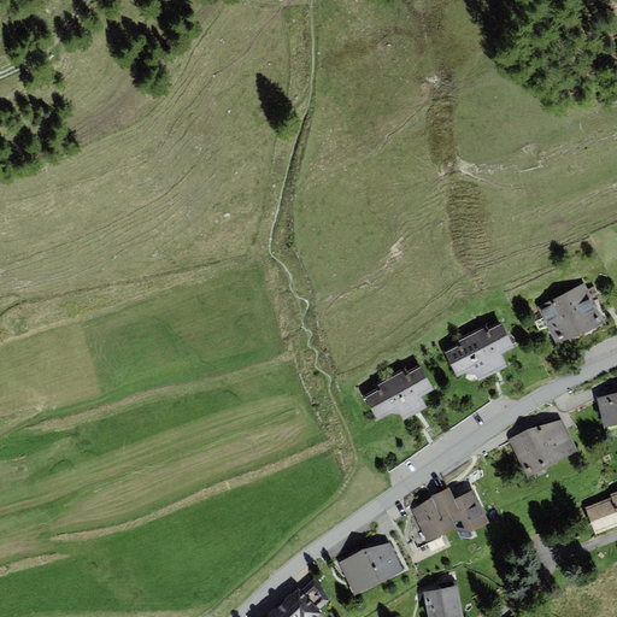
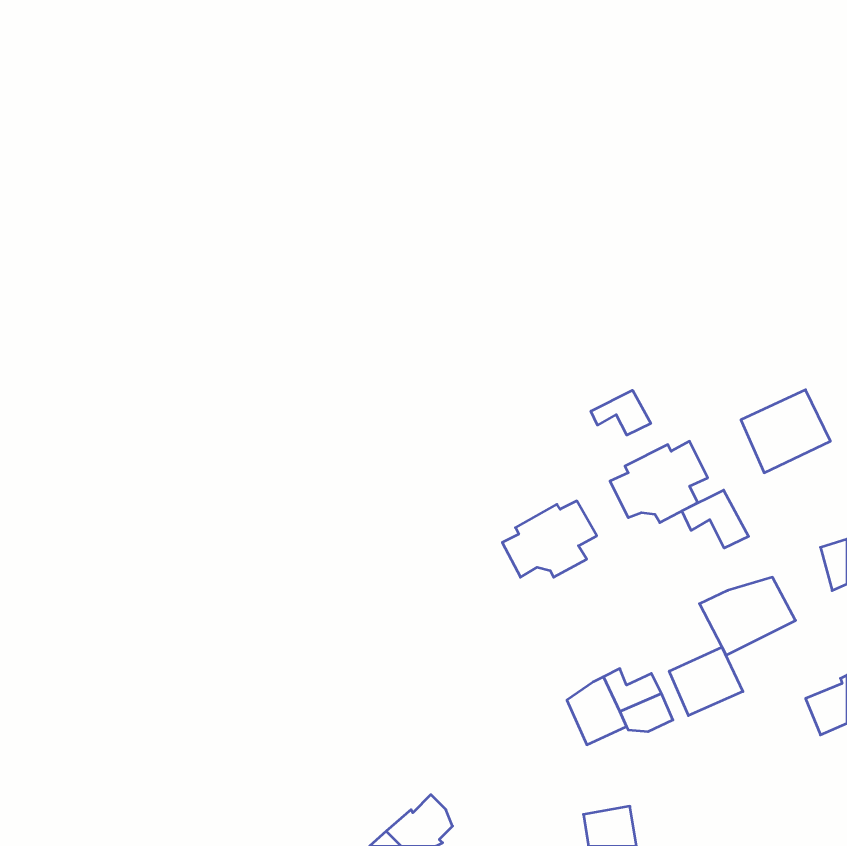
building: none -> [591,390,651,435]
building: none -> [682,490,749,548]
building: none -> [669,647,743,716]
building: [339,542,404,594] -> none

